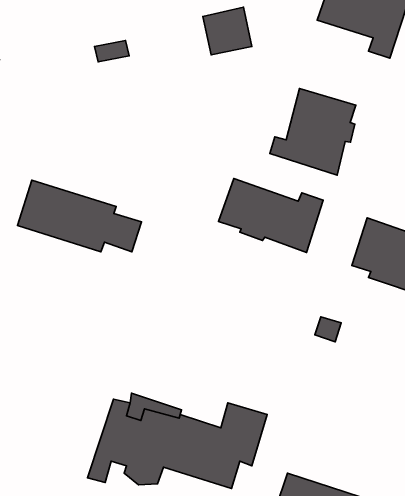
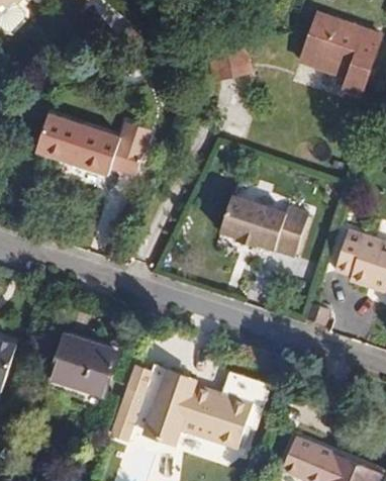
building: [270,89,356,175] -> none
building: [17,180,141,252] -> [38,110,143,171]
building: none -> [47,332,115,407]

